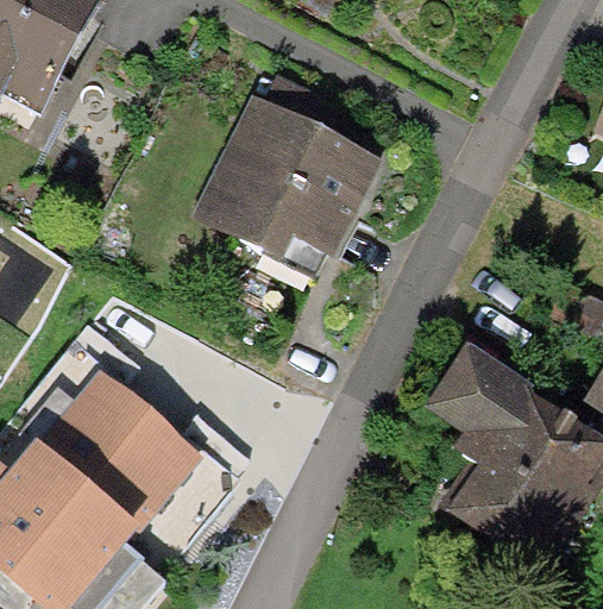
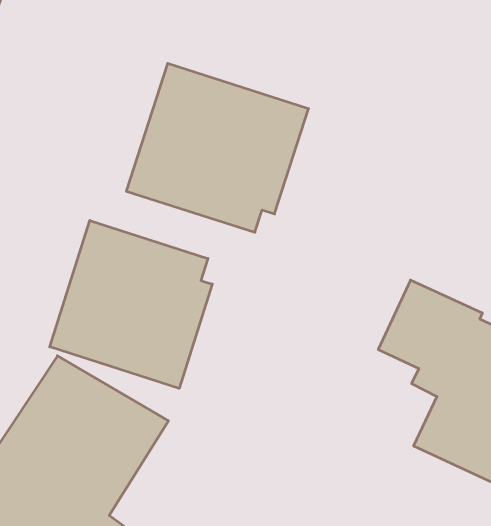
building: none -> [50,220,212,388]

